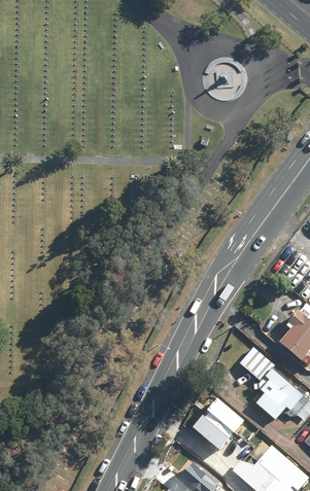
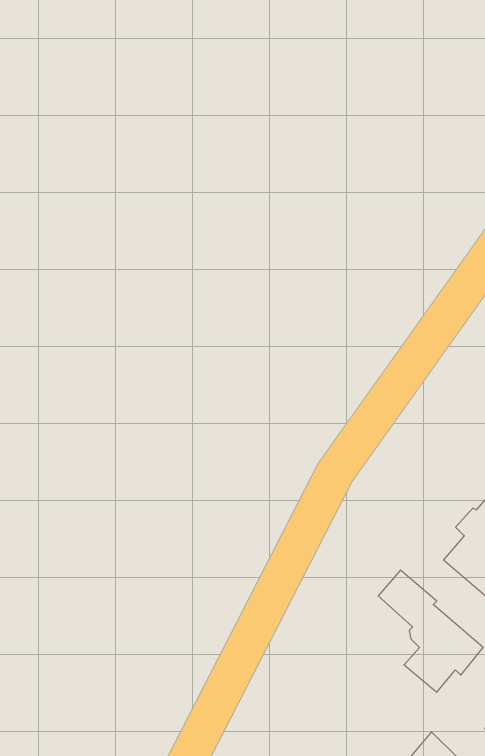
building: [192,395,245,449] -> none

